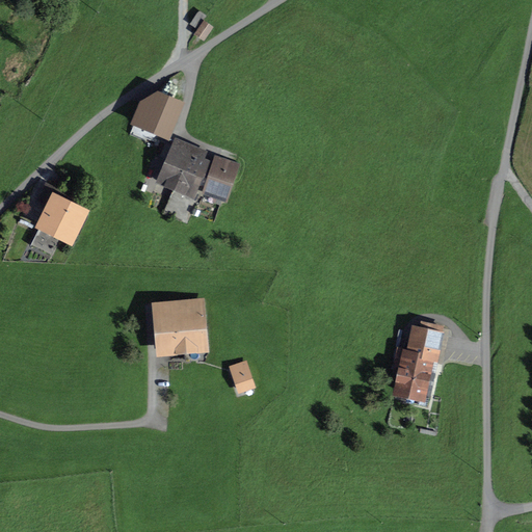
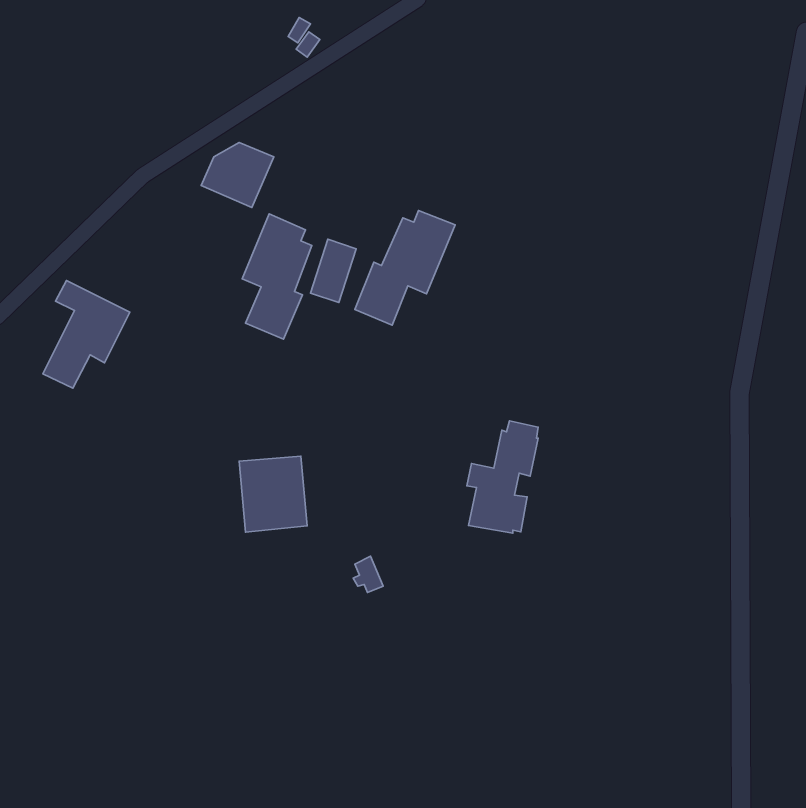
building: none -> [355,210,455,325]
building: [393,322,440,396] -> [467,421,538,533]

